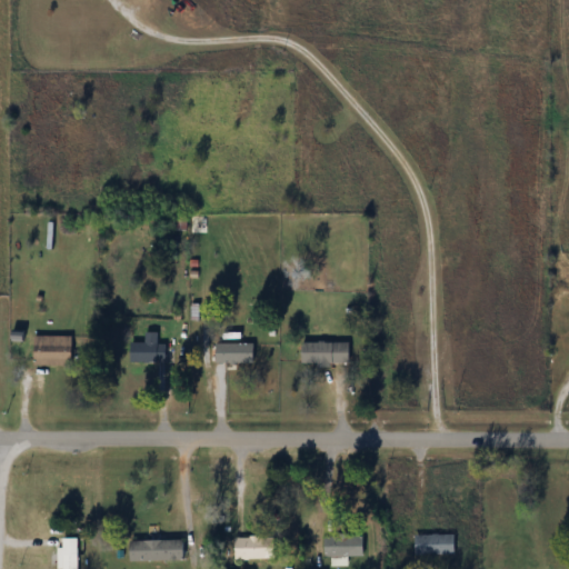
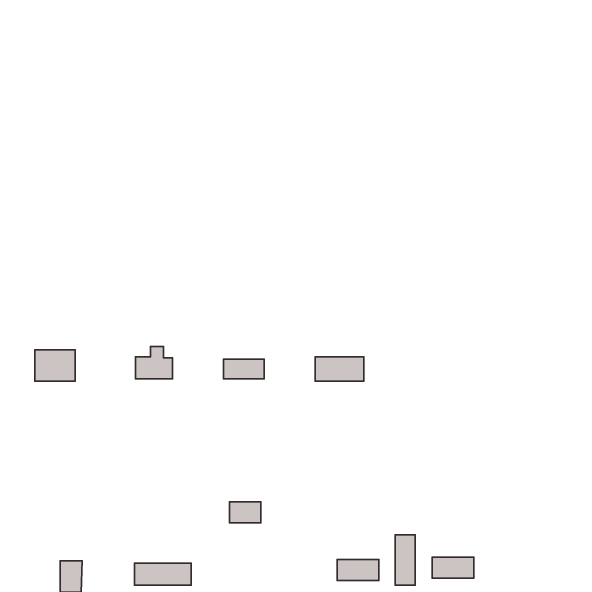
building: none -> [395,535,415,585]
building: [236,538,266,558] -> [229,502,261,523]

